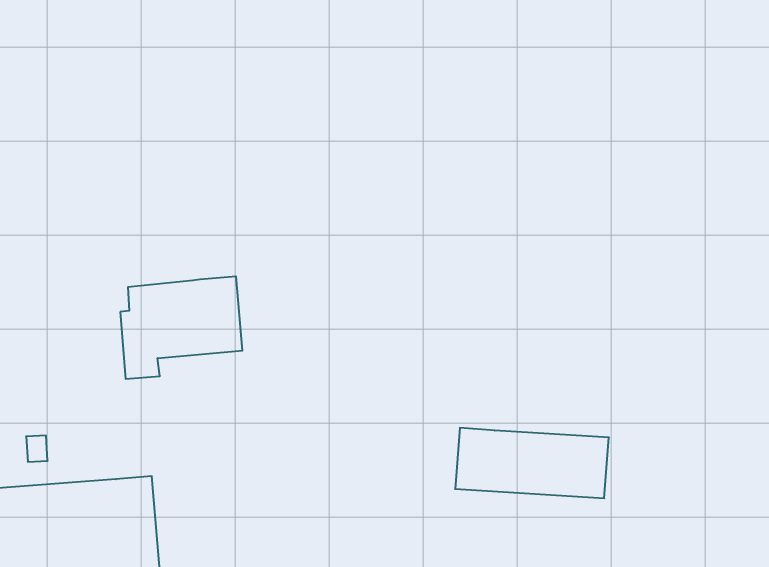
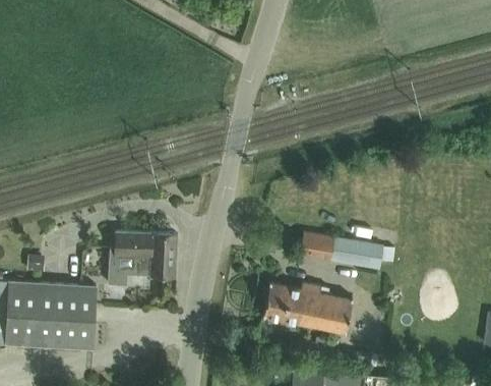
building: [120,276,242,379] -> [109,232,178,284]
building: none -> [301,232,375,267]

